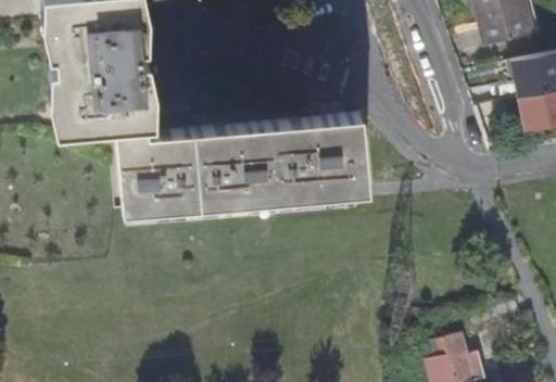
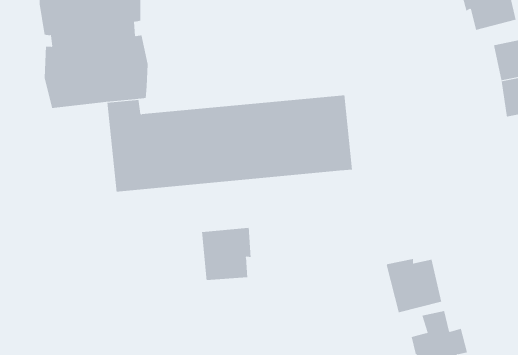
building: none -> [202,227,251,281]
building: none -> [386,258,442,313]

